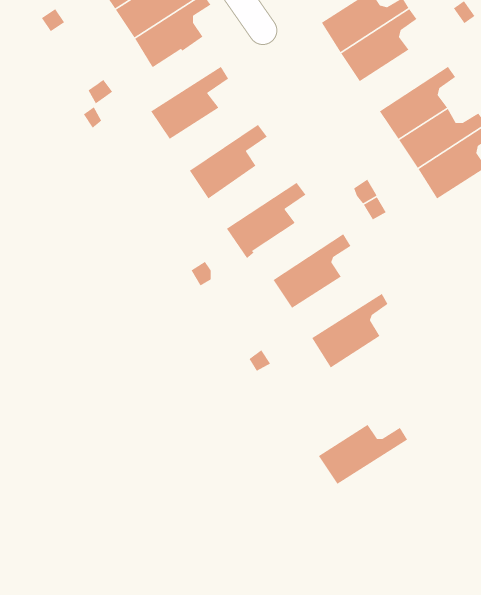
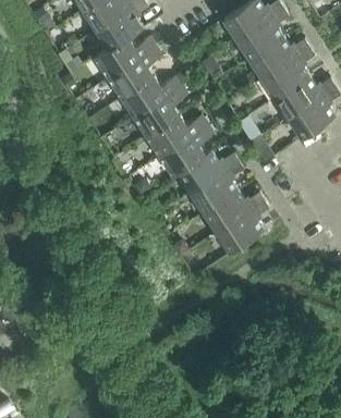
building: none -> [95,36,156,77]
building: none -> [249,36,309,77]
building: none -> [121,75,181,118]
building: none -> [147,114,207,157]
building: none -> [178,149,239,192]
building: [318,424,408,485] -> [204,189,265,231]

